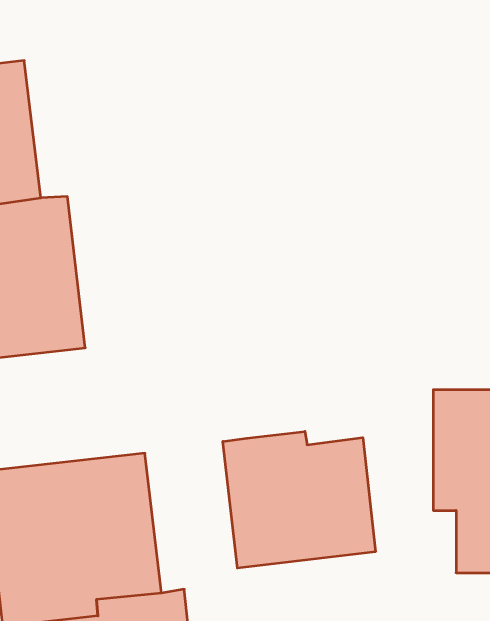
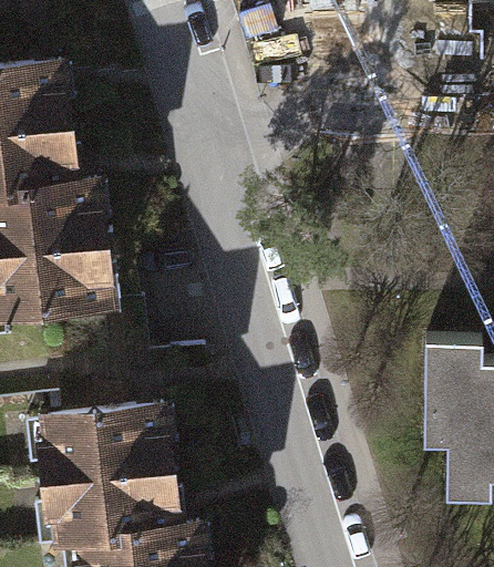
building: [223,431,375,568] -> none

